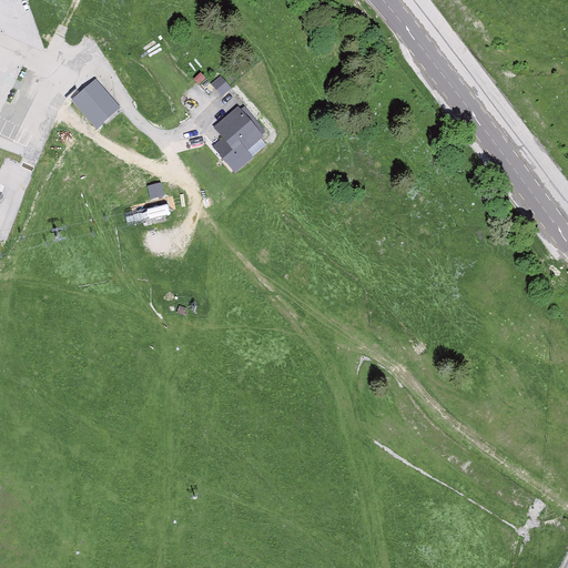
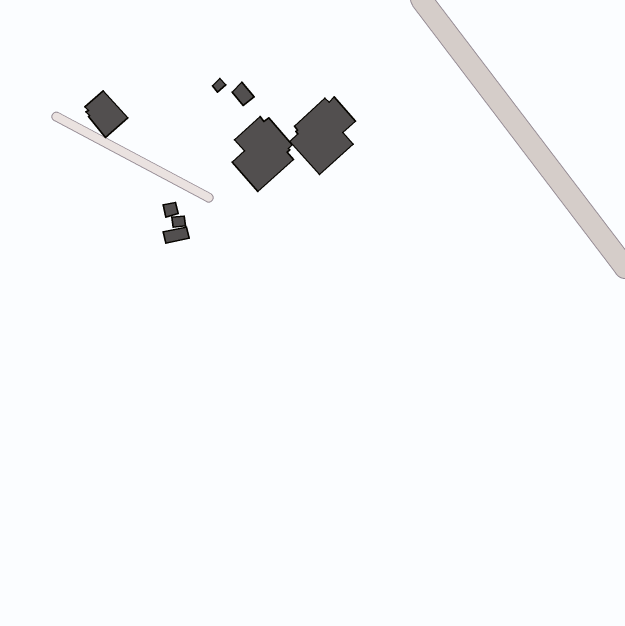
building: none -> [290,97,355,175]

